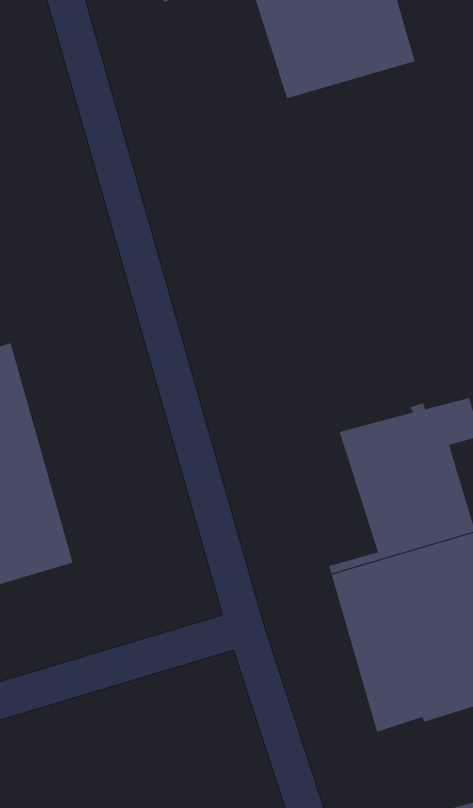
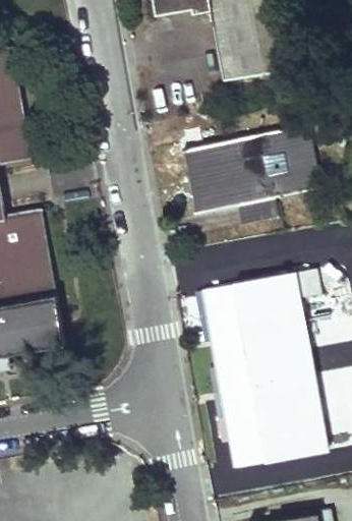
building: none -> [180,125,319,213]
building: none -> [202,284,247,364]

